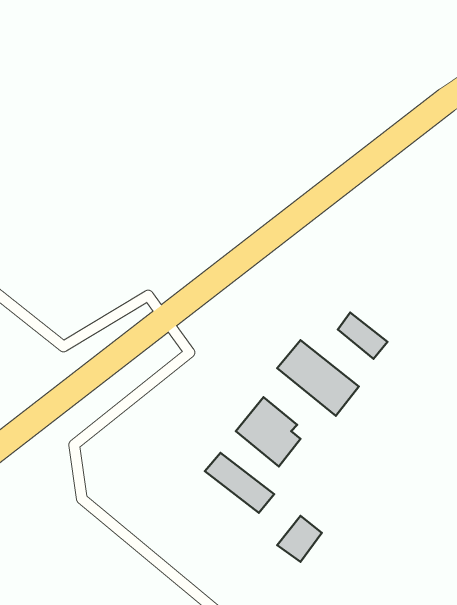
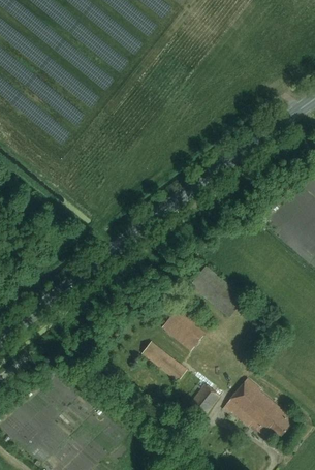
building: [338,313,388,359] -> none
building: none -> [222,378,292,438]

